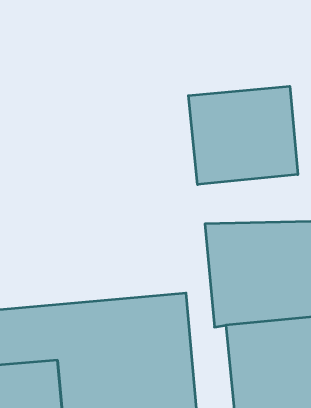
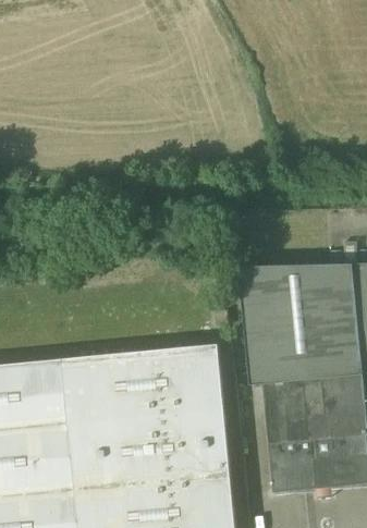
building: [188,86,298,185] -> none

